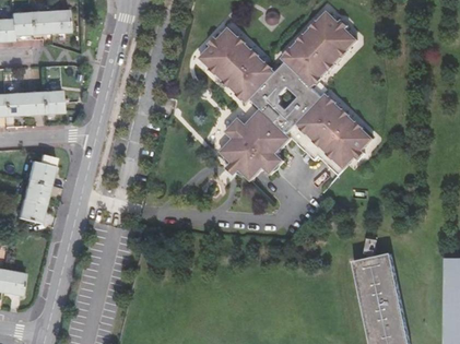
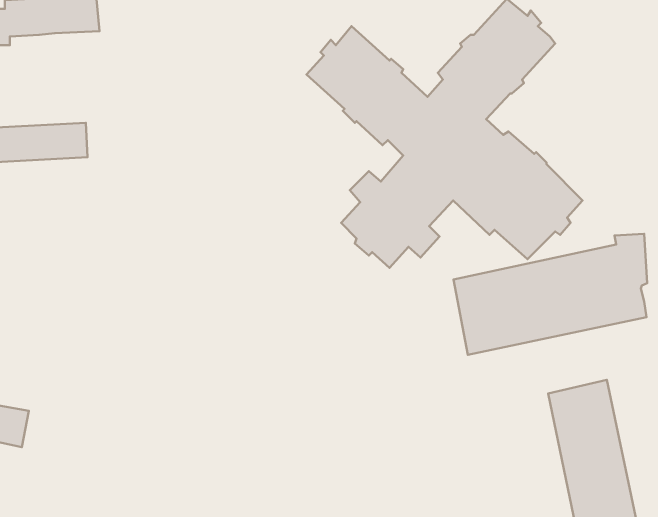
building: [16,153,55,223] -> none
building: none -> [453,234,647,355]

